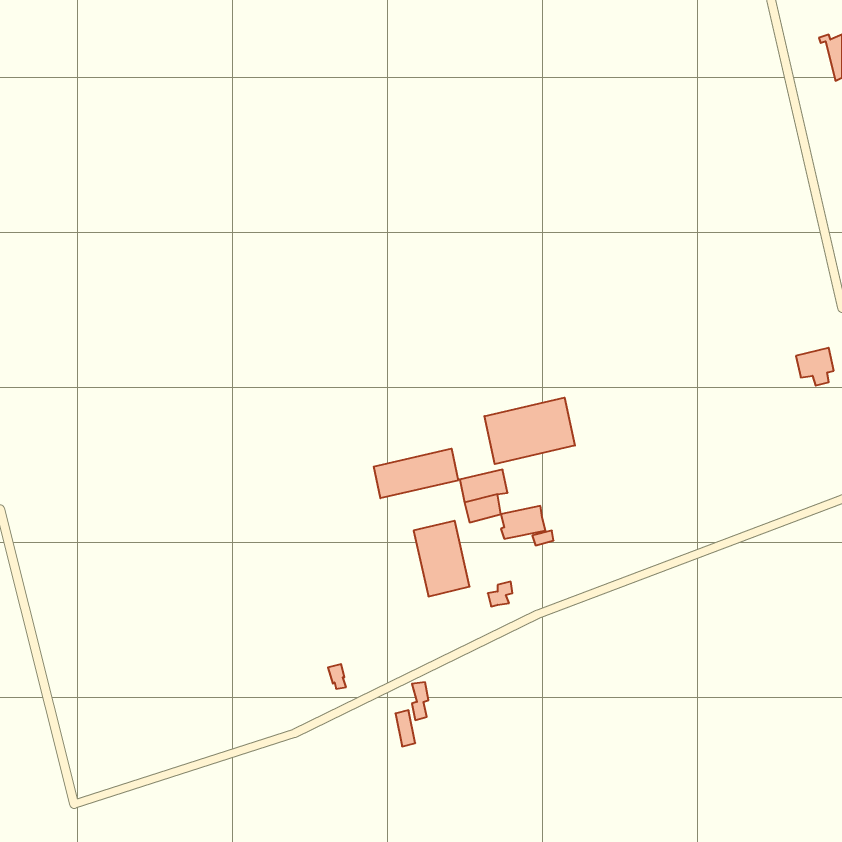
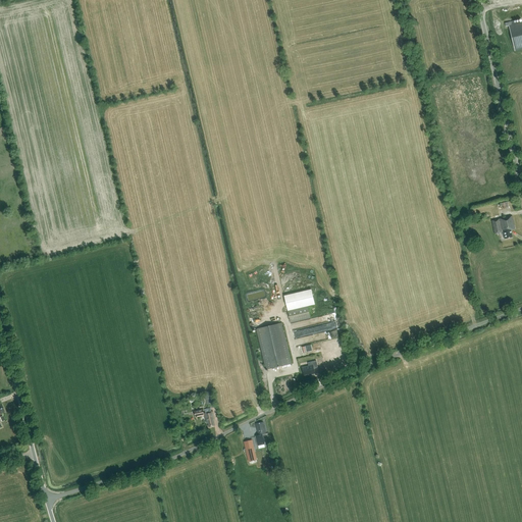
building: [484,398,575,464] -> none
building: [374,449,458,498] -> none

